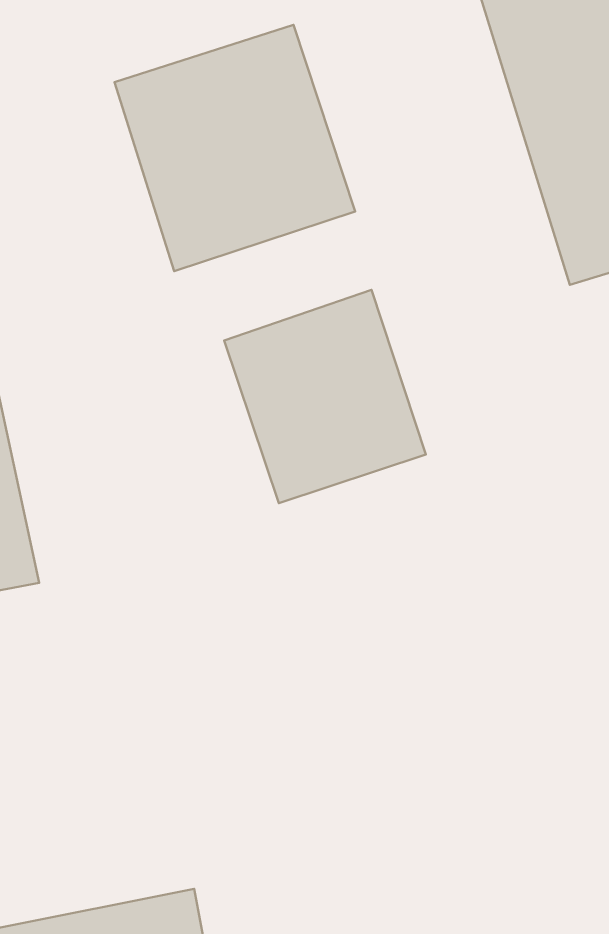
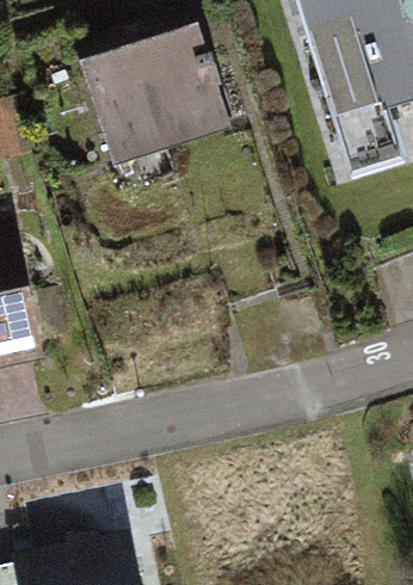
building: [224,290,426,503] -> none

